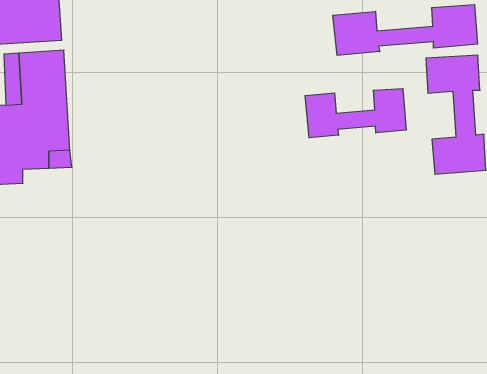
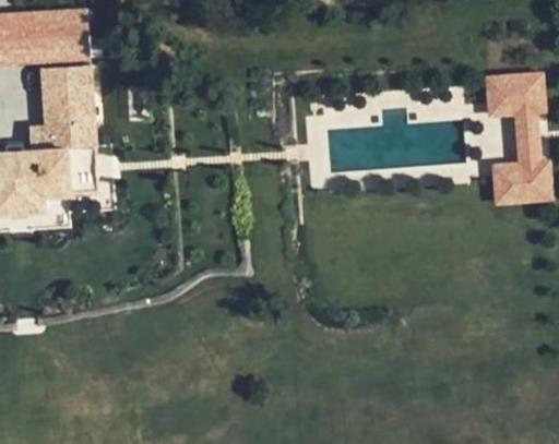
building: [333,5,477,55] -> none
building: [305,88,406,138] -> none

